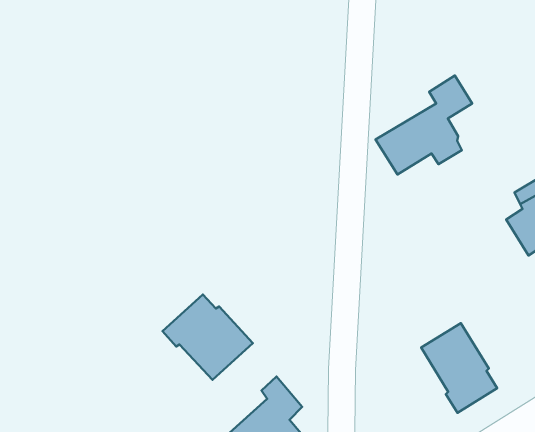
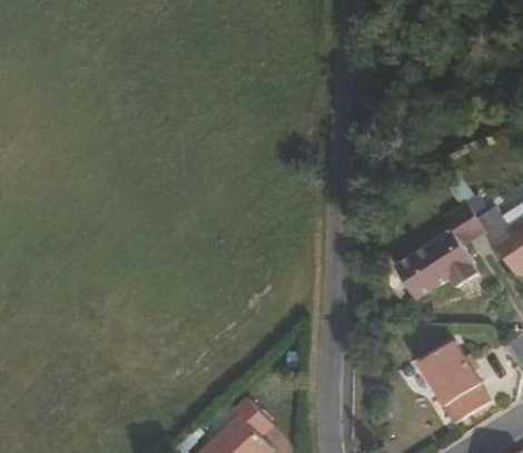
building: [375,76,472,175] -> [392,204,484,298]
building: [163,295,253,380] -> none

